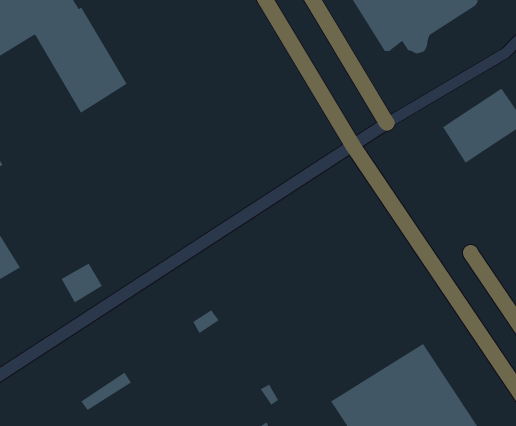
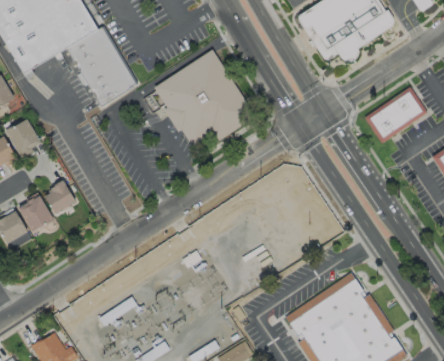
building: none -> [151,49,256,156]
building: [61,263,103,303] -> [46,185,77,215]

